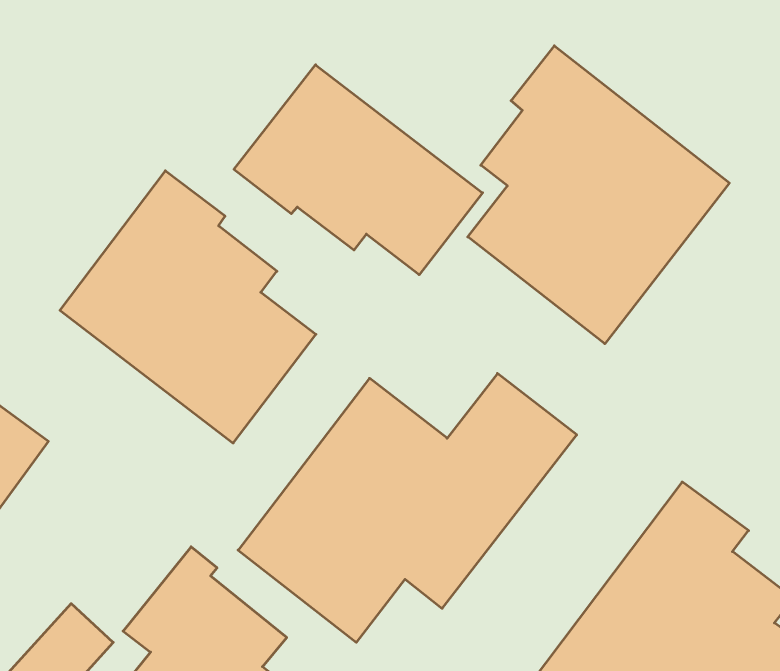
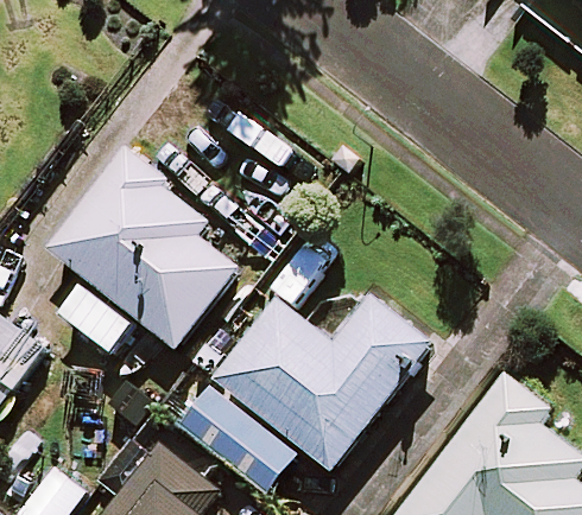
building: [468,46,729,344] -> none
building: [234,65,483,275] -> none

